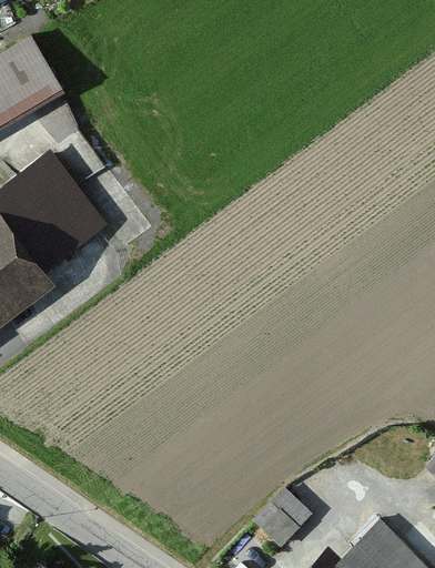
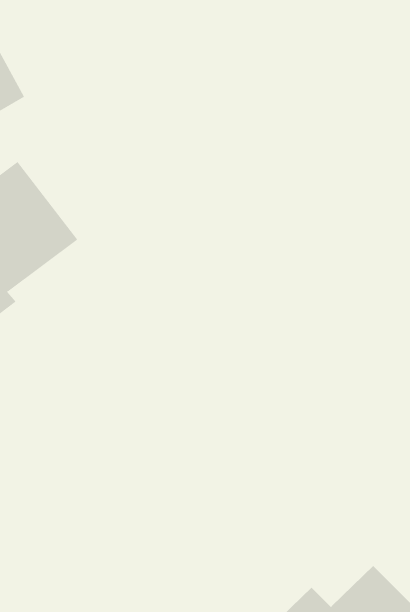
building: [253,488,312,547] -> none

